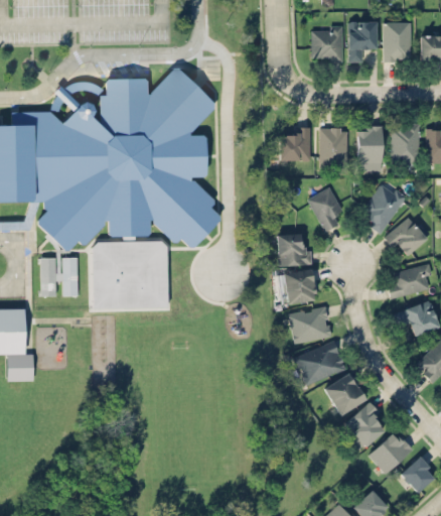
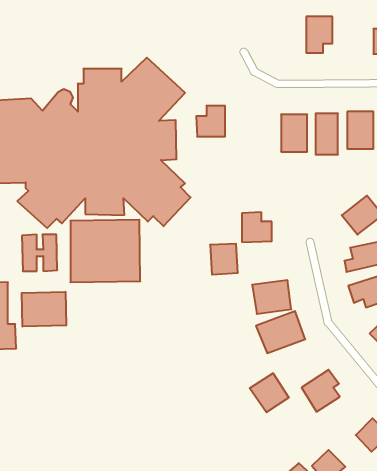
building: [384,22,411,61] -> none
building: [312,26,343,61] -> none
building: [279,127,310,160] -> [196,106,225,137]
building: [364,180,407,234] -> none
building: [308,187,342,231] -> none
building: [285,270,315,303] -> [210,244,238,275]
building: none -> [22,292,66,327]
building: [323,373,365,415] -> [250,373,289,412]
building: [369,430,412,475] -> none

